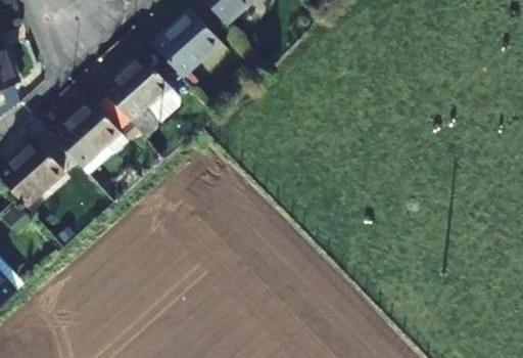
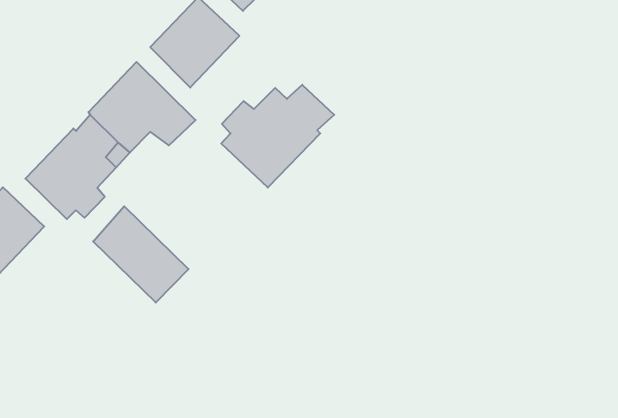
building: none -> [221,85,334,188]
building: none -> [93,206,189,303]

